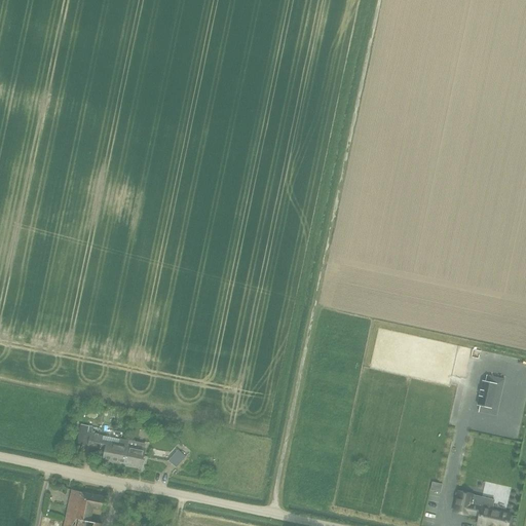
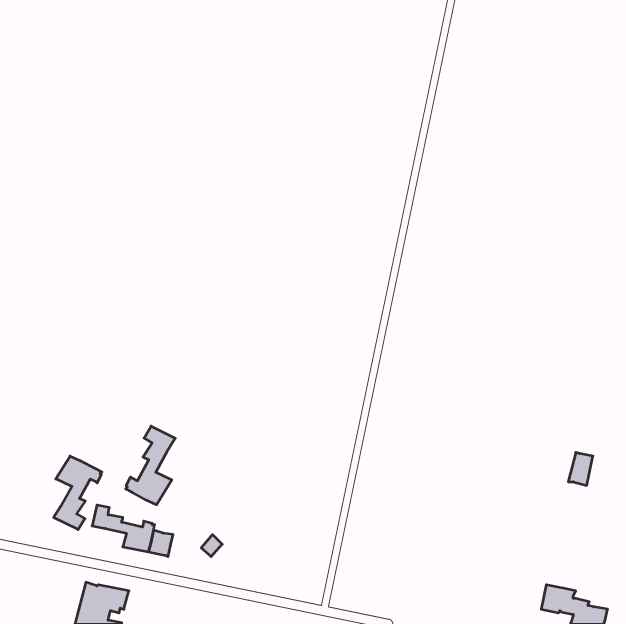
building: none -> [126,426,175,505]
building: none -> [54,456,102,530]

